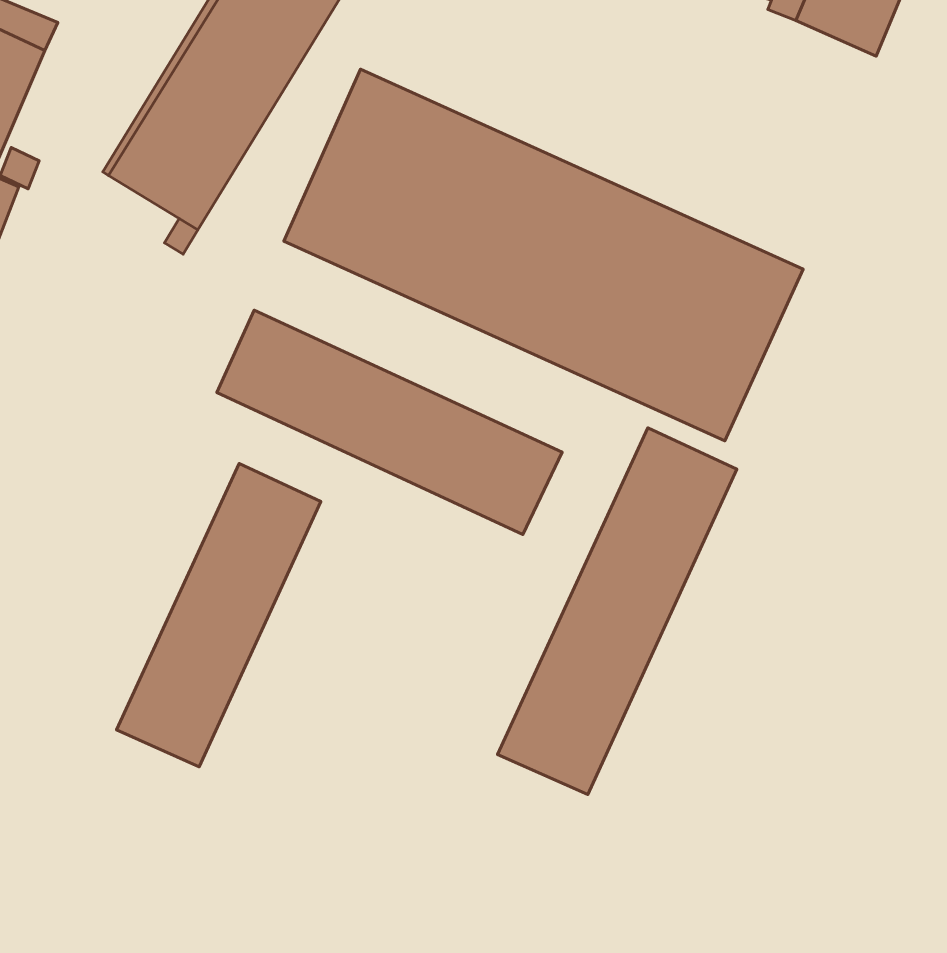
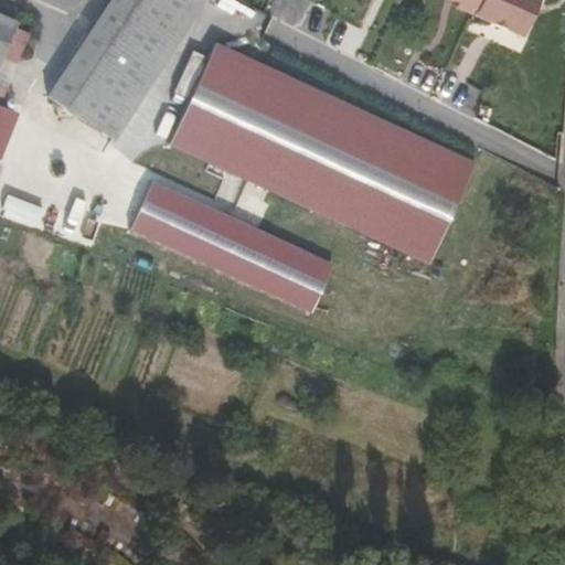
building: [497,428,737,795] -> none
building: [117,463,321,767] -> none

